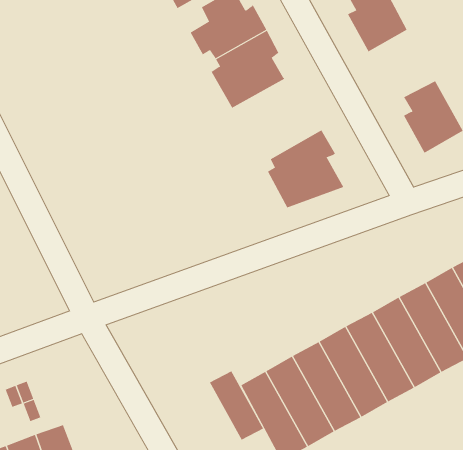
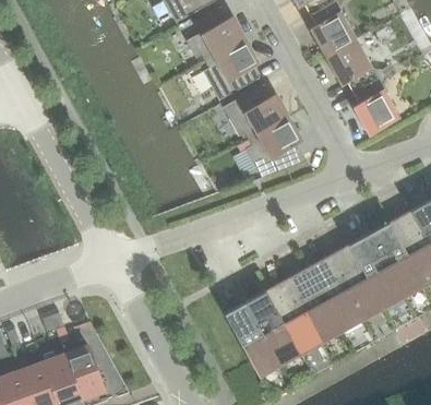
building: none -> [325,38,378,91]
building: none -> [223,84,289,139]
building: [209,370,264,441] -> none

